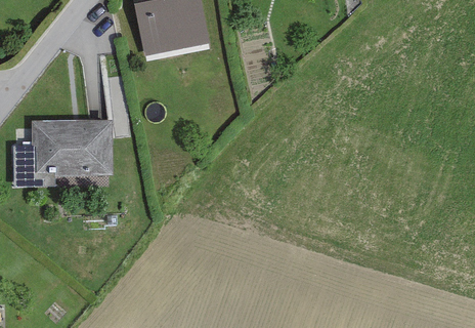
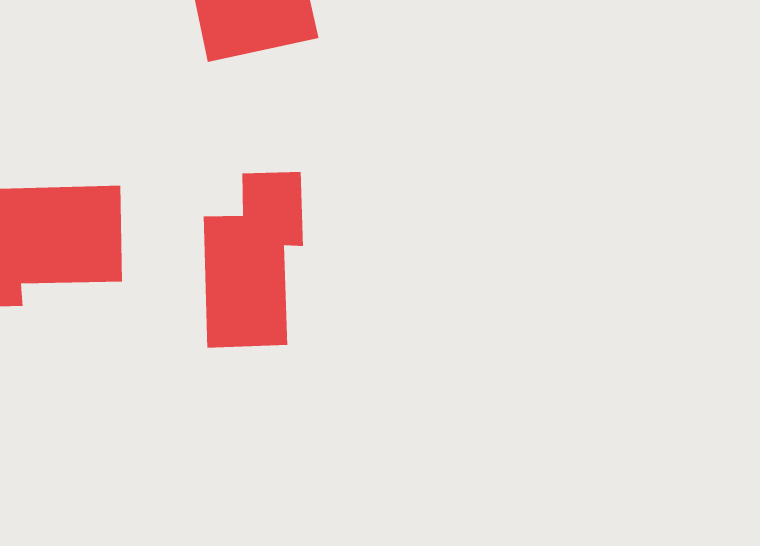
building: none -> [203,171,304,349]

